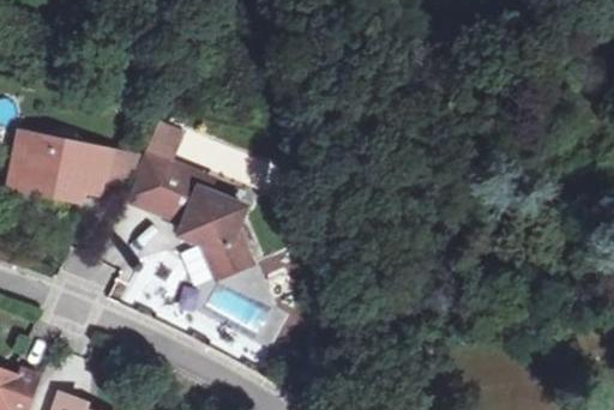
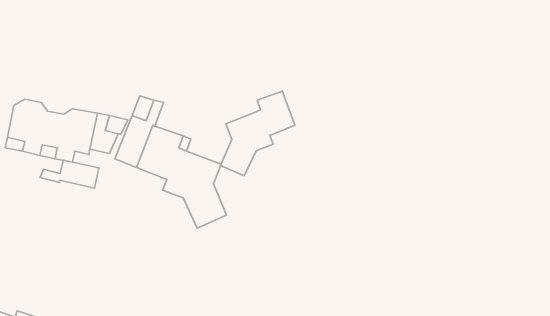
building: none -> [221,91,295,176]
building: none -> [40,160,99,188]

